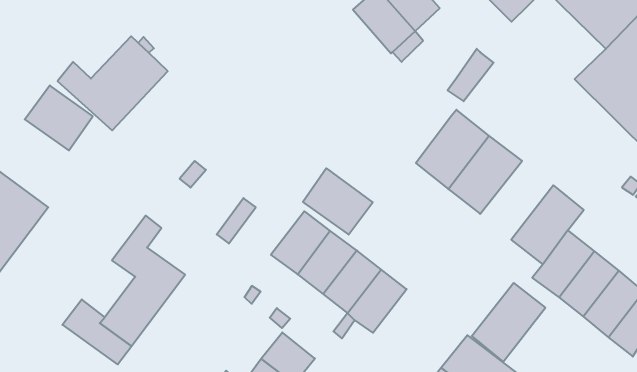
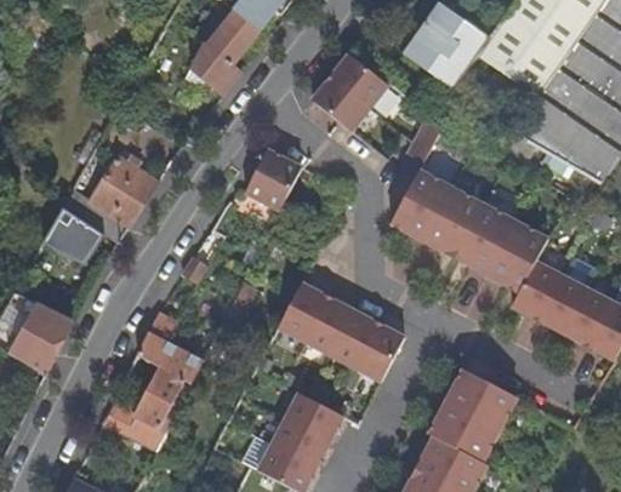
building: none -> [247,148,303,207]
building: [303,168,373,235] -> none
building: [472,283,545,362] -> [456,206,517,278]

